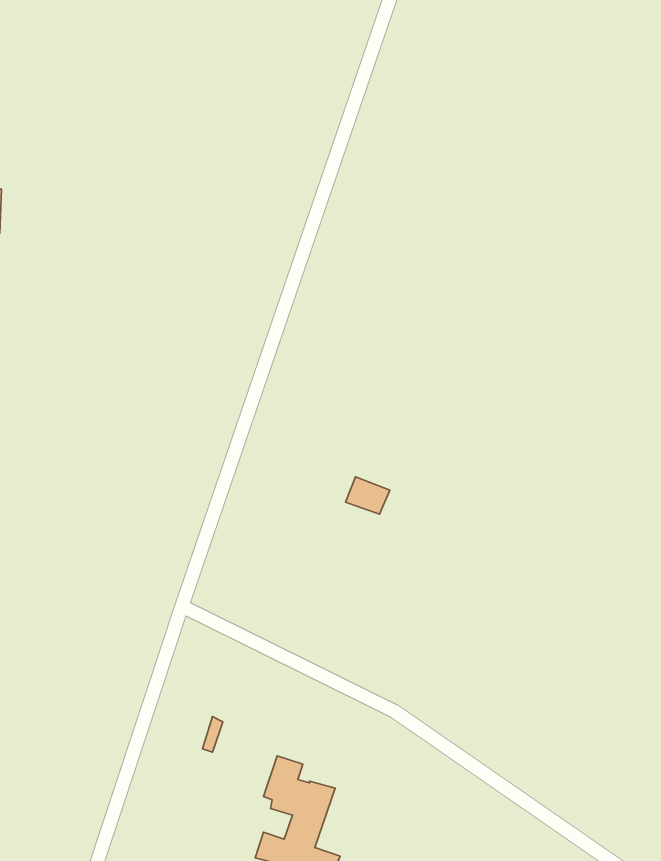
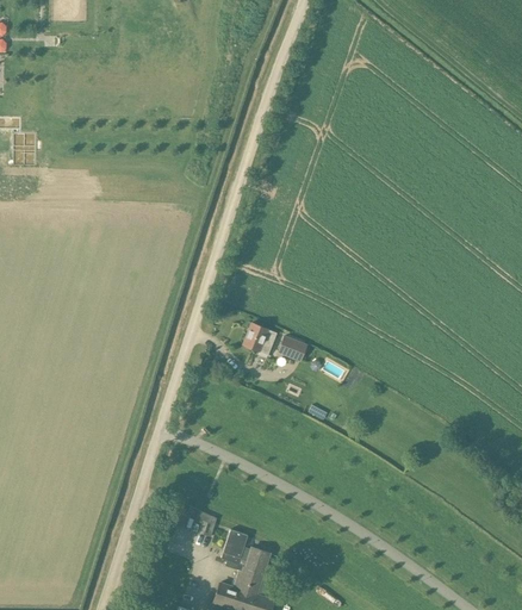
building: none -> [243,323,276,354]

